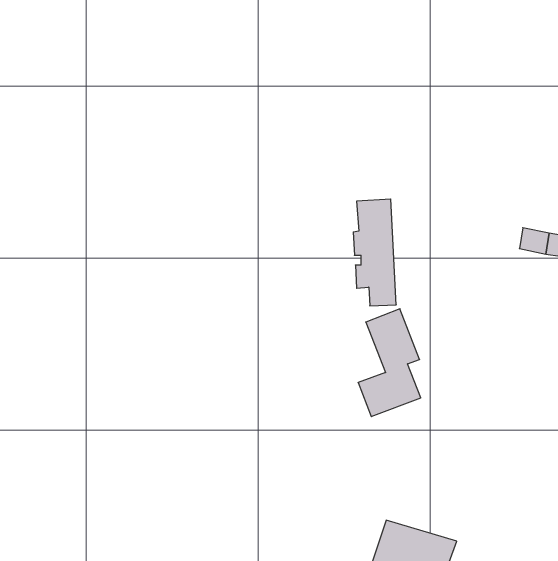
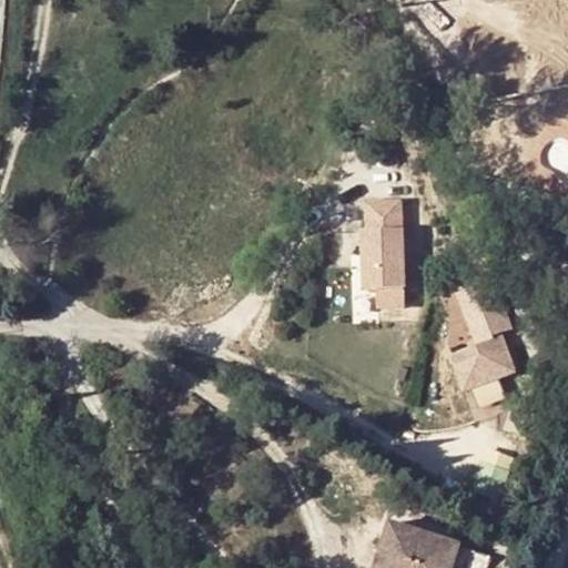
building: [358,309,421,417] -> [452,275,515,384]

